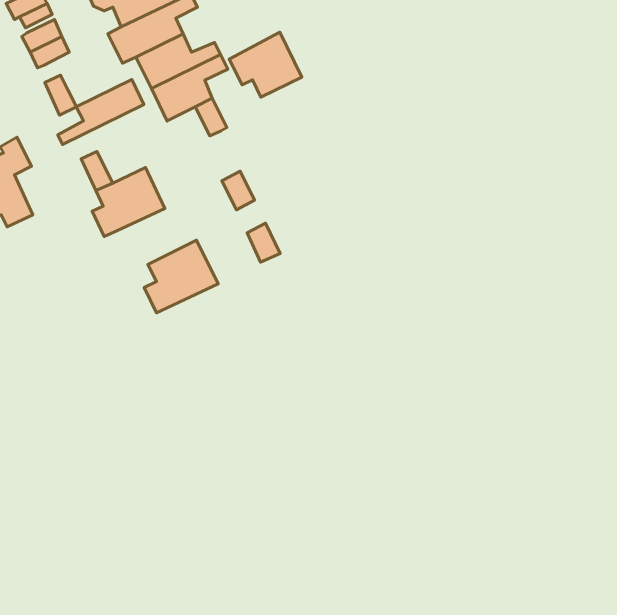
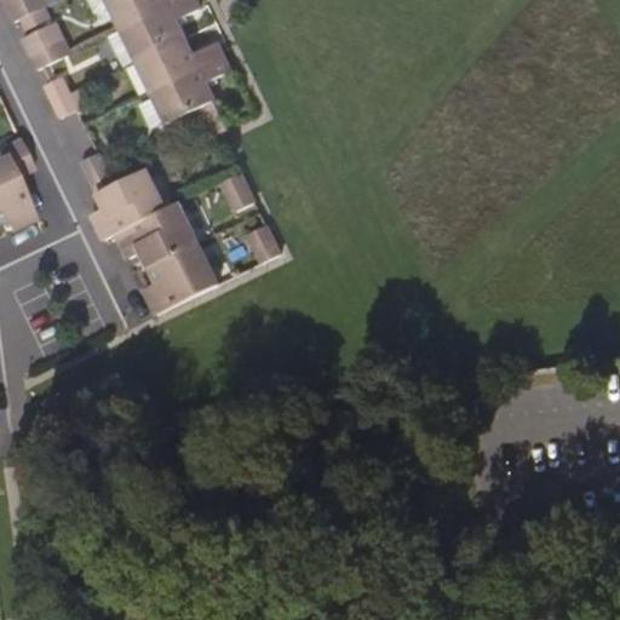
building: [229,32,302,97] -> none
building: [58,79,144,144] -> none
building: none -> [117,201,196,264]

